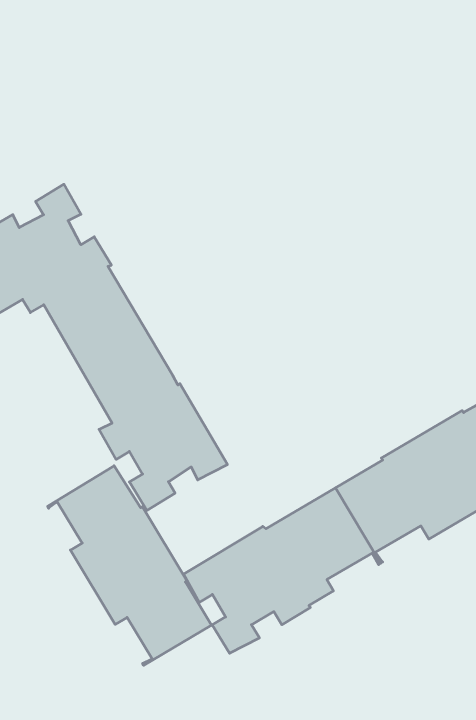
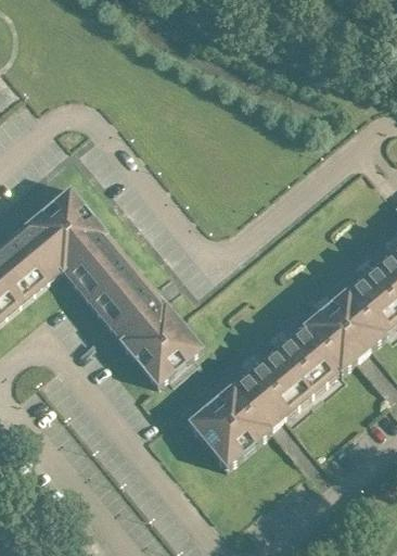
building: [48,466,211,665] -> none

